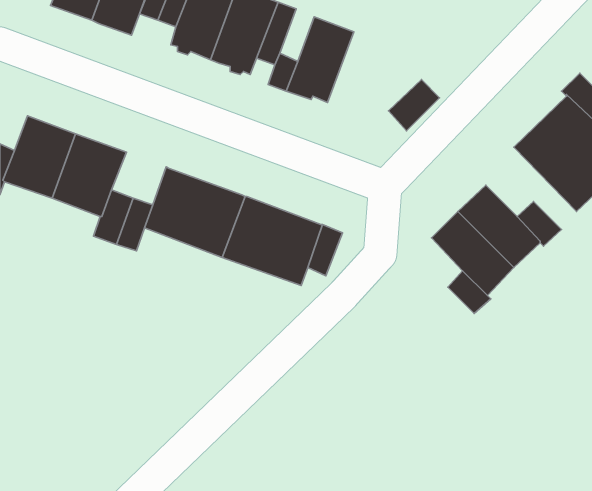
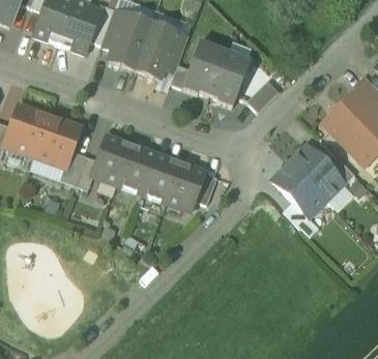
building: none -> [208,50,251,106]

